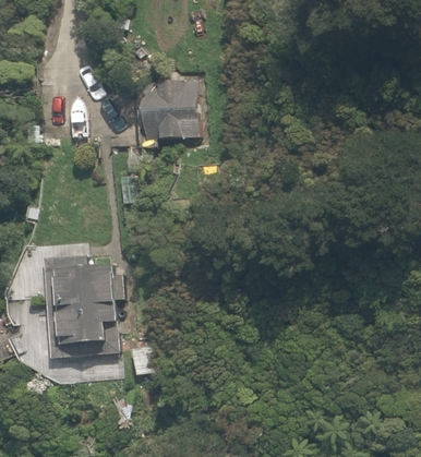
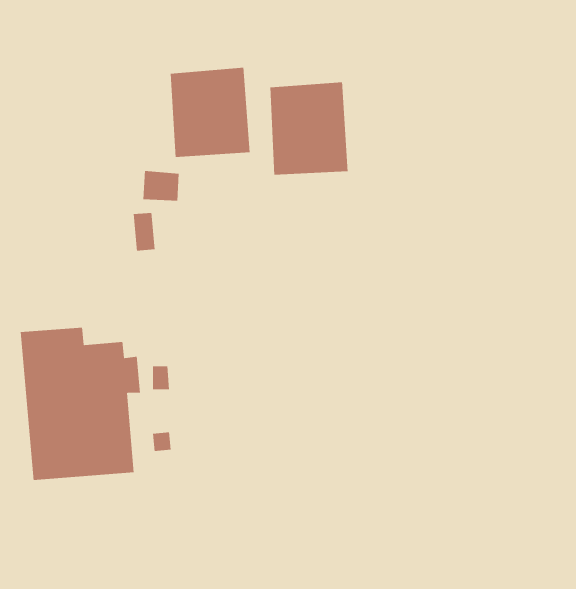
building: none -> [270,82,348,175]

